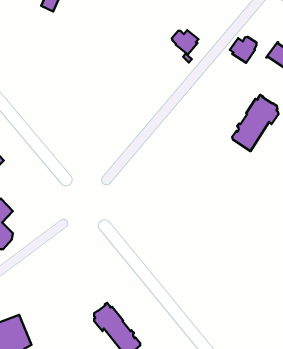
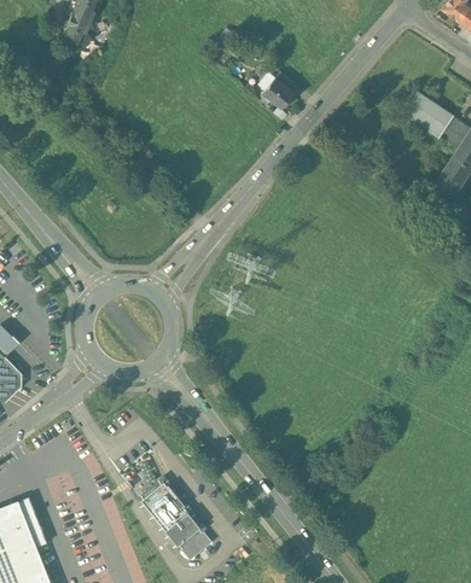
building: [230,37,257,63] -> none
building: [232,95,278,151] -> none

